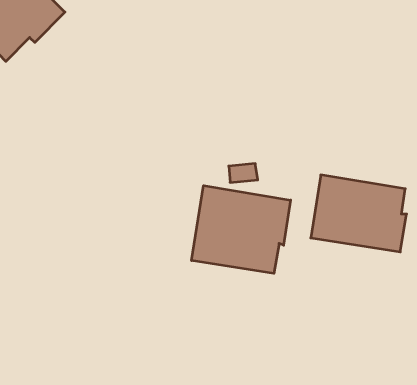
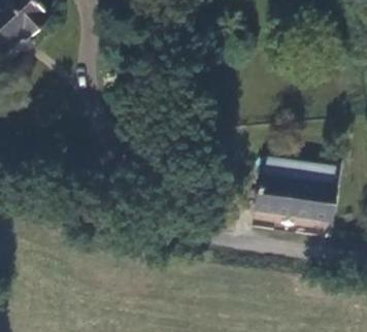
building: [192,186,291,273] -> none

